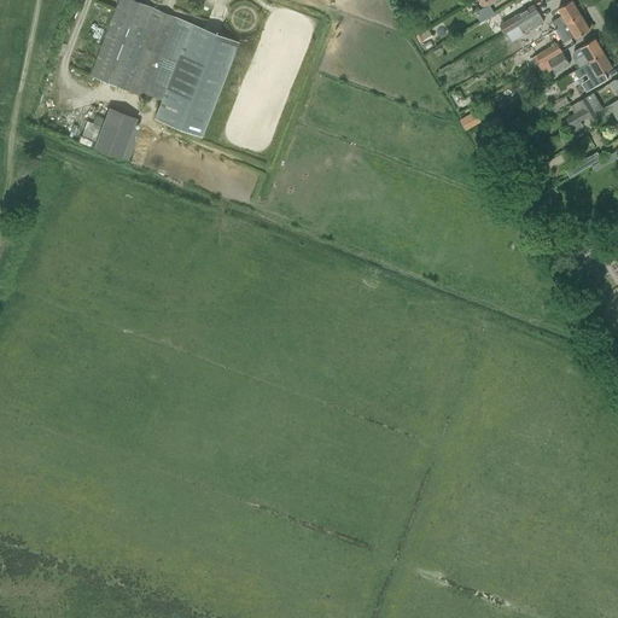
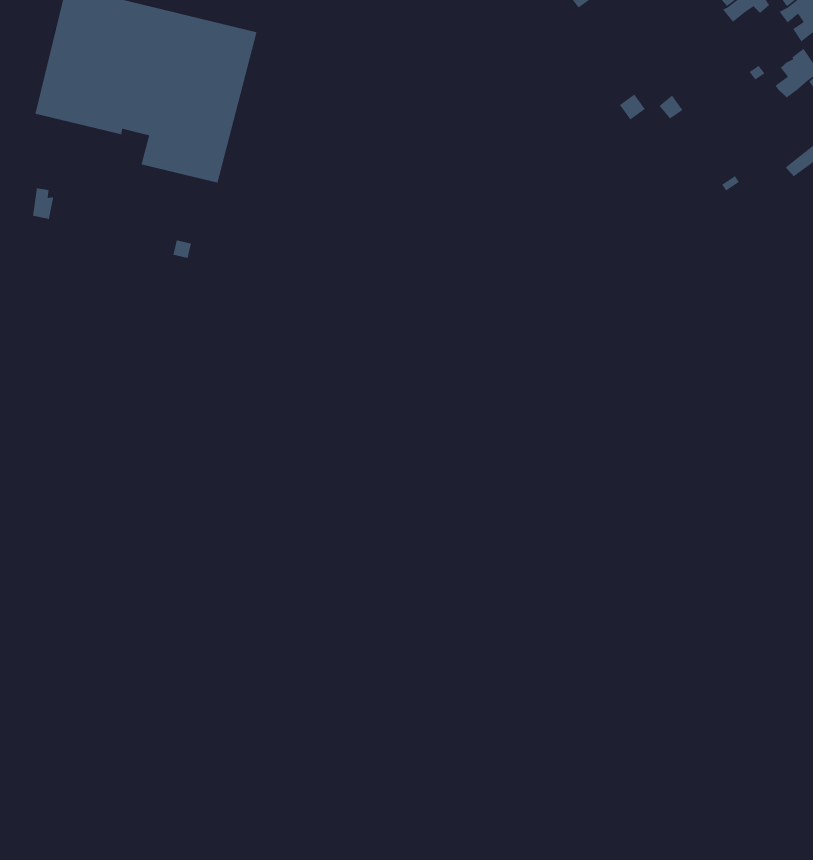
building: [93,107,138,158] -> none

